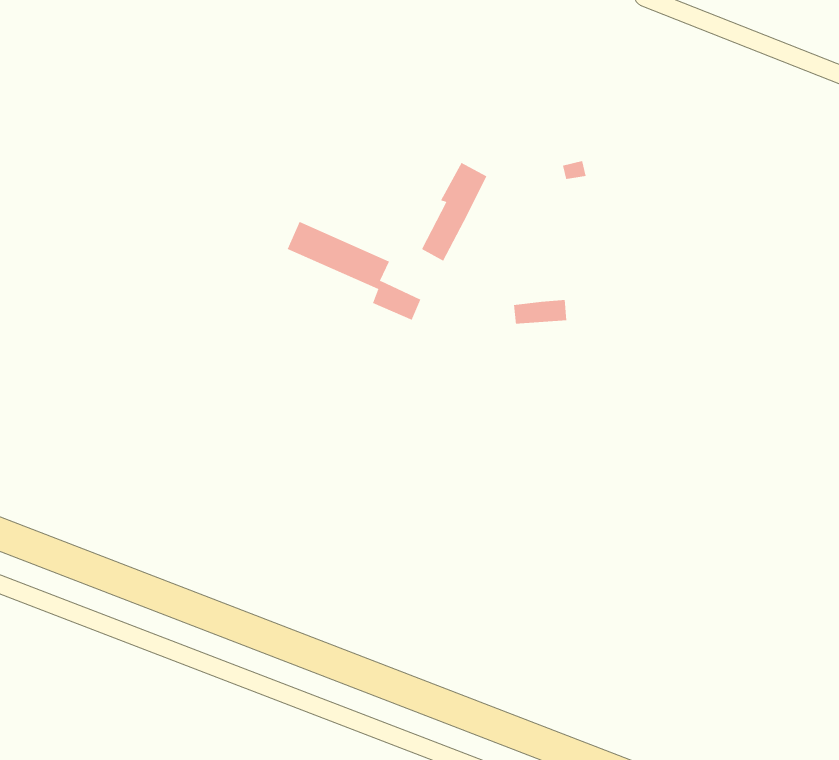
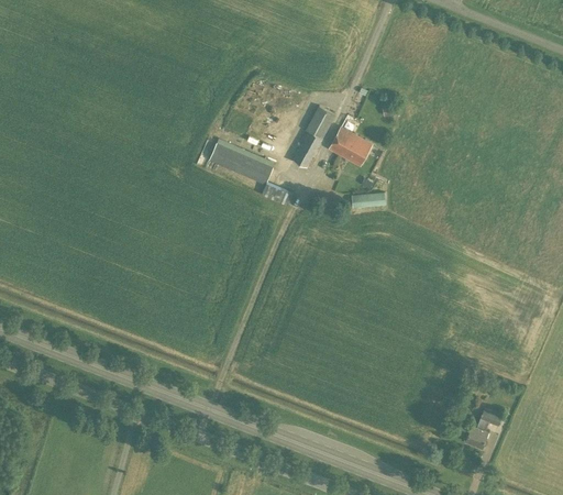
building: none -> [330,128,373,166]
building: none -> [466,408,503,448]

